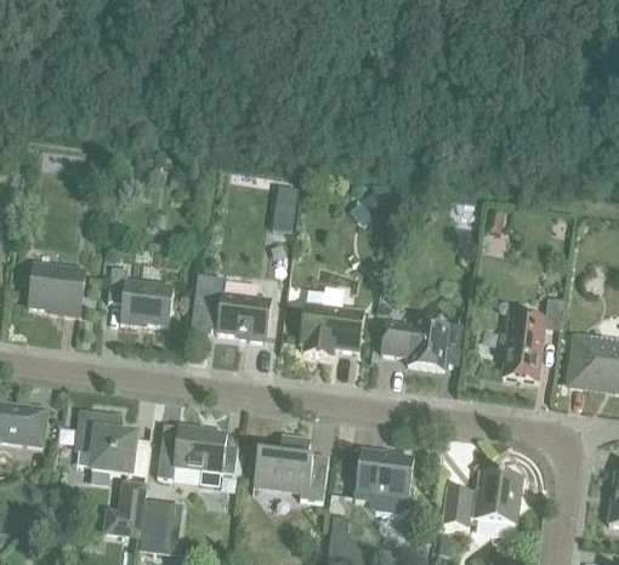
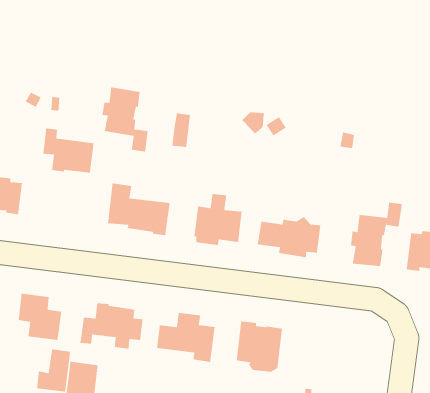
building: none -> [102,86,148,152]
building: [108,267,174,325] -> [43,127,94,173]
building: [443,469,521,526] -> none

